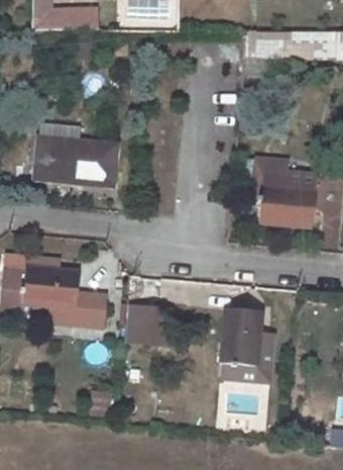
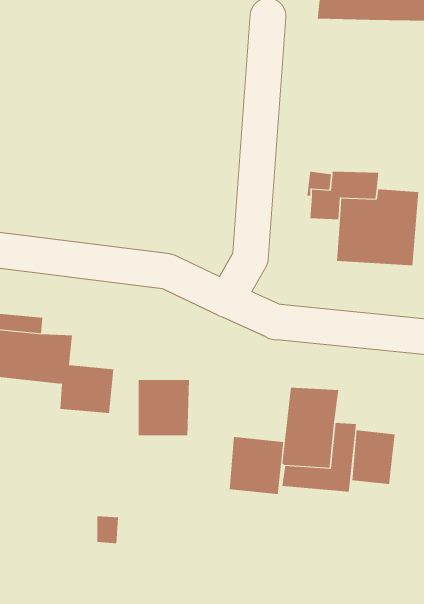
building: [35,137,117,186] -> none
building: none -> [352,430,395,485]
building: none -> [229,436,284,495]

